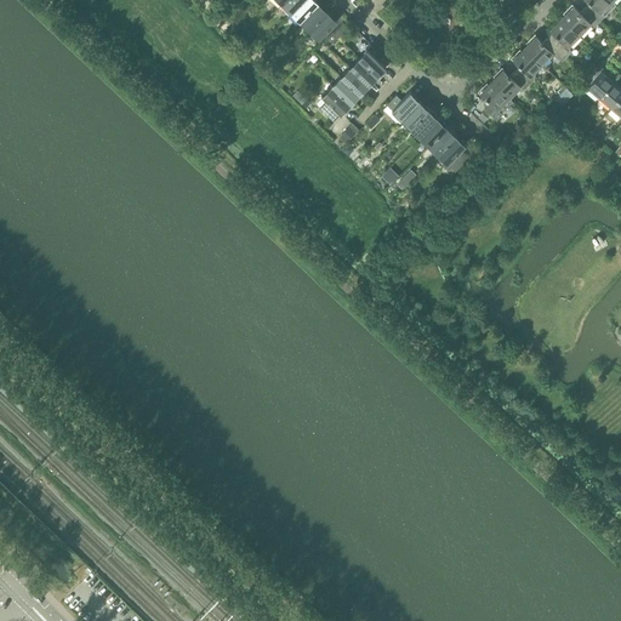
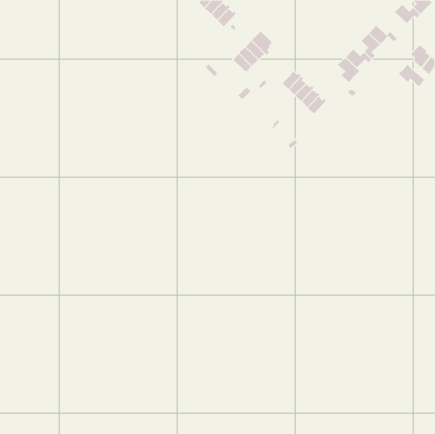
building: [551,19,580,57] -> none
building: [320,87,351,123] -> none
building: [382,92,420,125] -> none
building: none -> [398,64,425,87]

